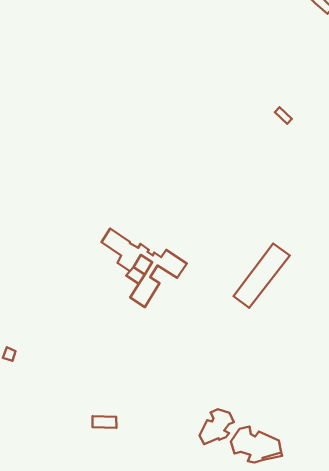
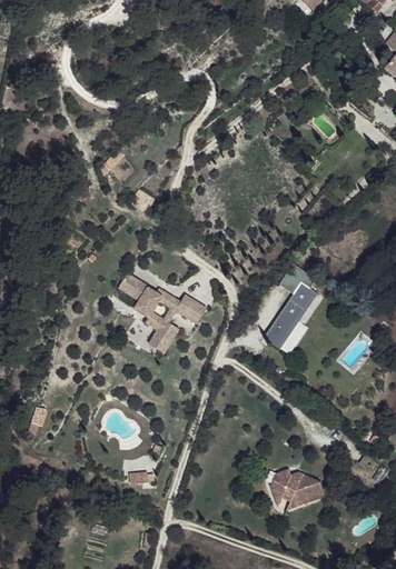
building: [199,409,234,444] -> none

